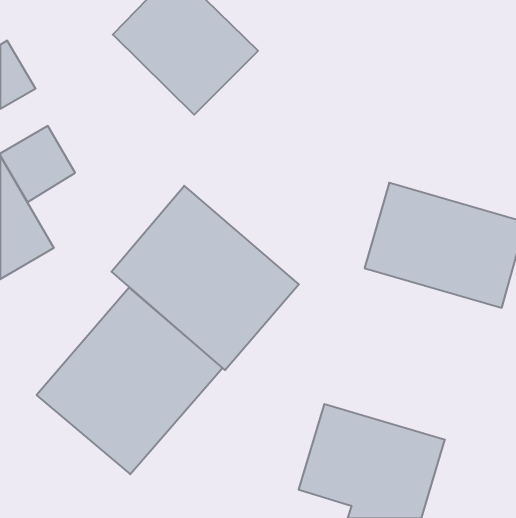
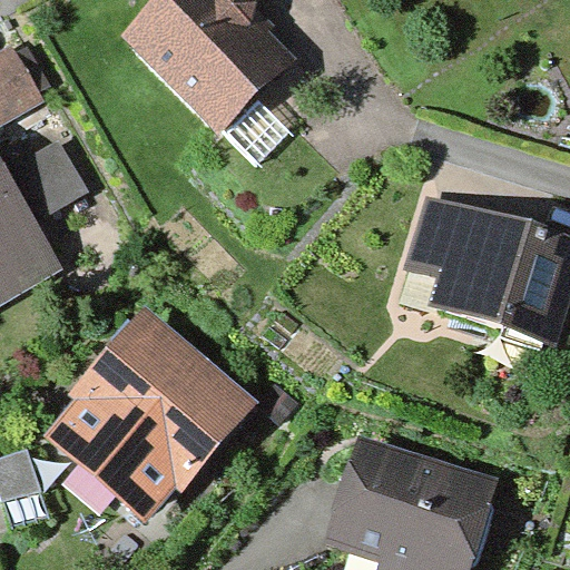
building: [111,186,299,370] -> none

